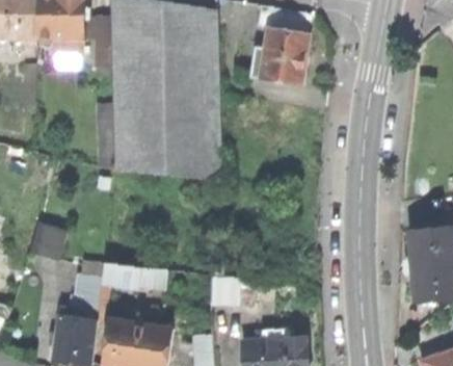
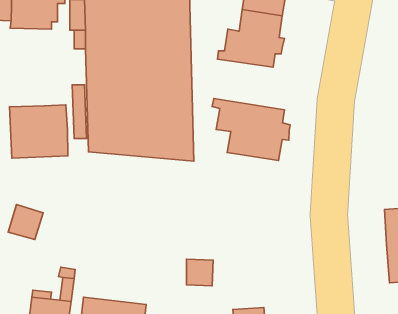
building: none -> [212,98,290,160]
building: none -> [9,105,68,158]
building: [100,263,166,289] -> none

